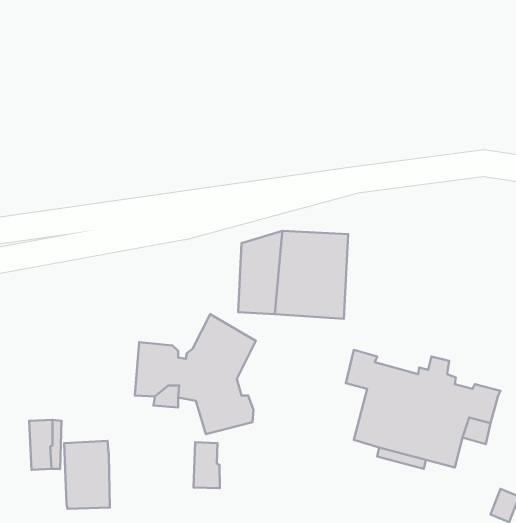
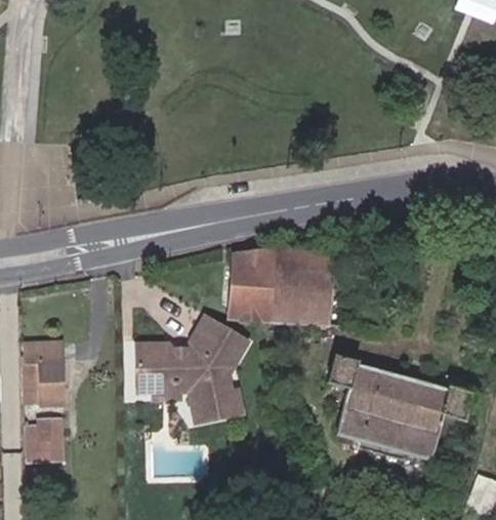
building: [64,441,110,509] -> [22,344,64,406]
building: [194,442,220,488] -> none

